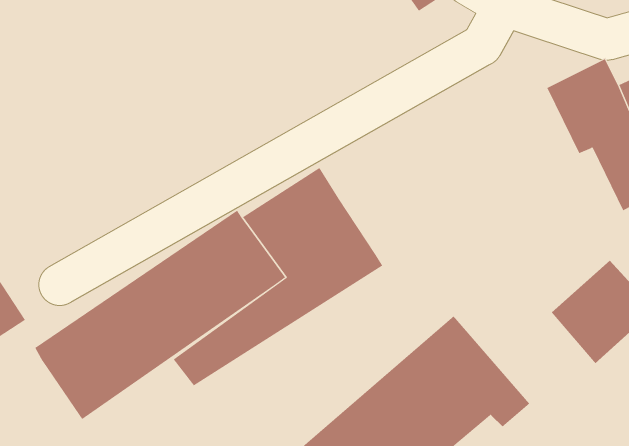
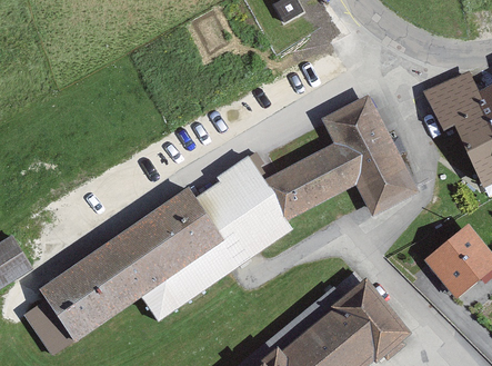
building: none -> [269,91,418,219]
building: none -> [23,300,72,356]

